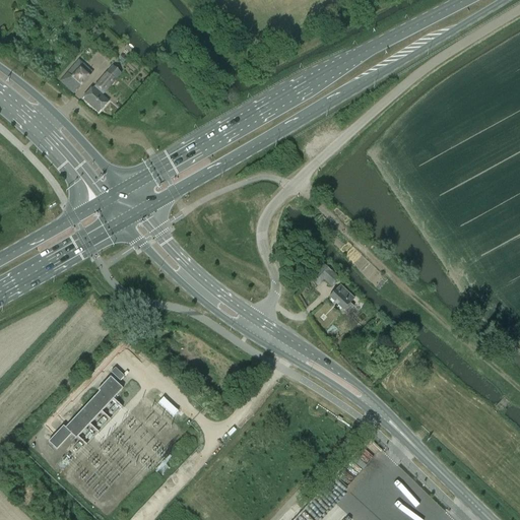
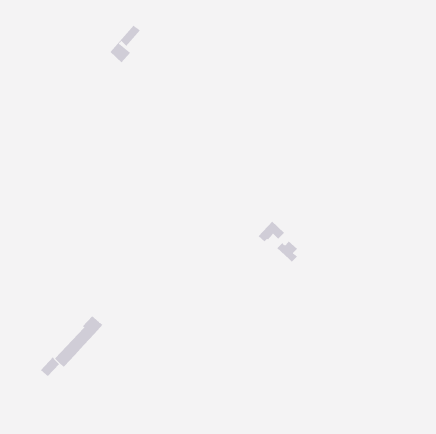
building: [60,58,92,91] -> none
building: [83,65,121,111] -> [109,25,141,63]

